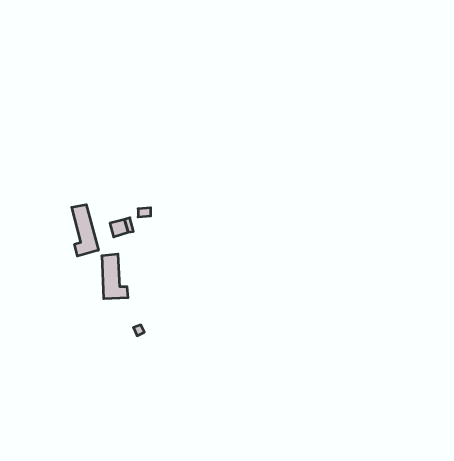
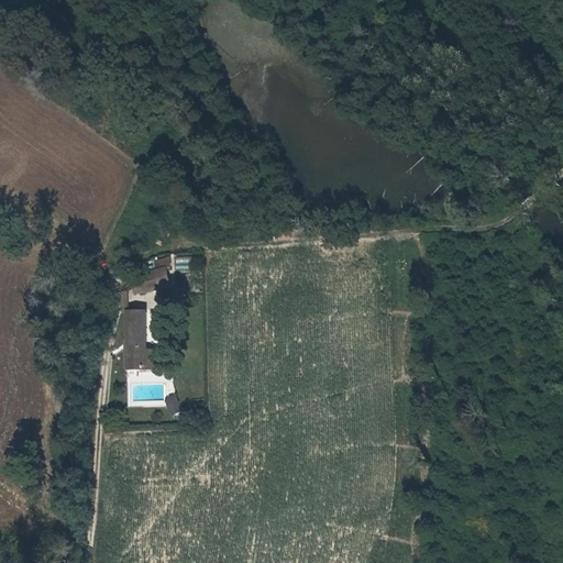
building: [72,205,98,256] -> none

